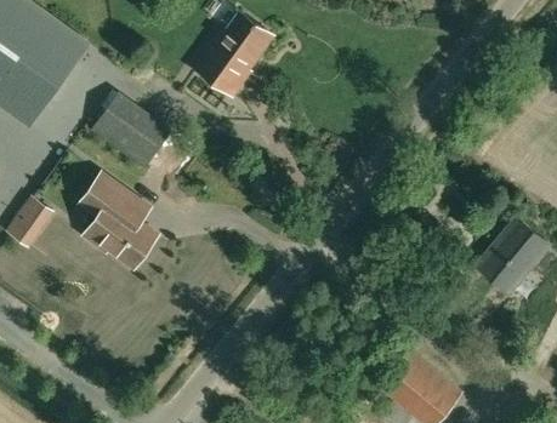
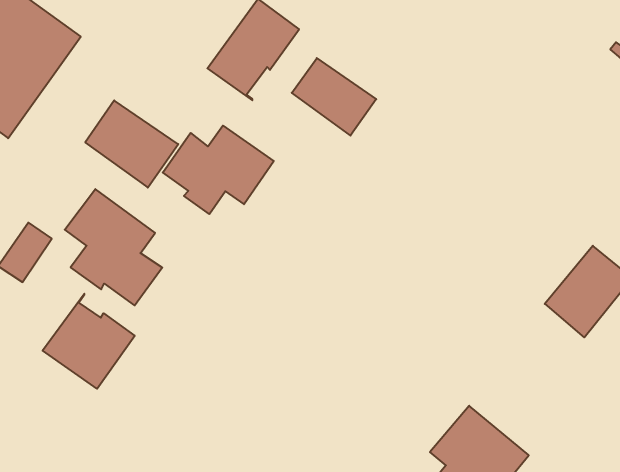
building: none -> [292,58,376,136]
building: none -> [163,126,274,214]
building: none -> [43,294,135,389]

